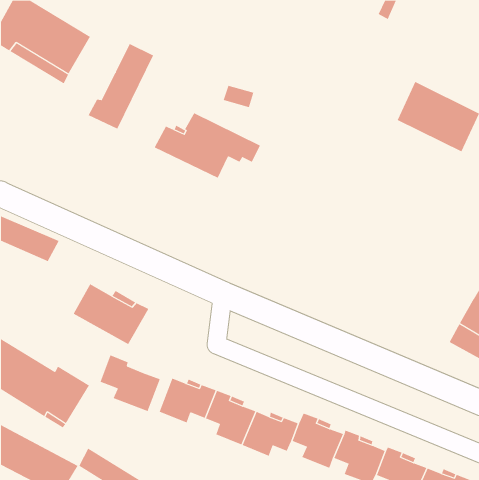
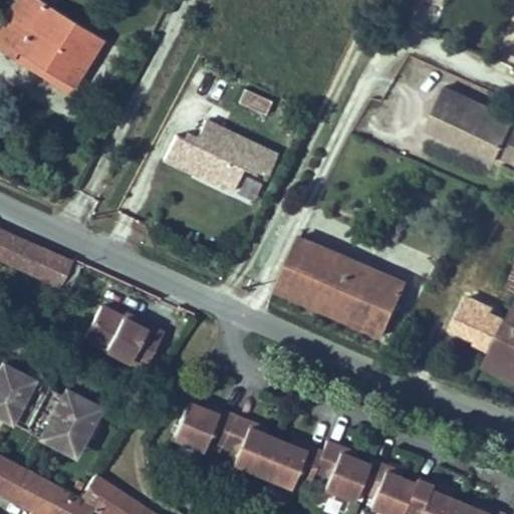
building: [88,43,154,129] -> none
building: none -> [278,239,404,338]
building: none -> [452,297,507,346]
building: [100,355,160,412] -> none

